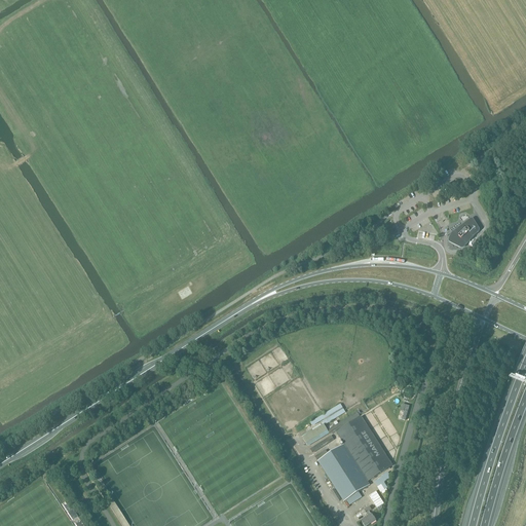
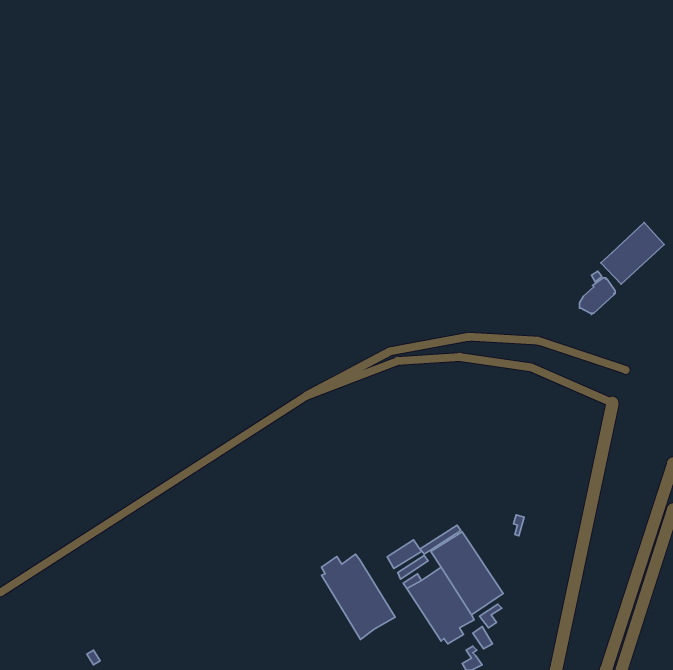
building: none -> [601,222,664,284]
building: none -> [321,554,395,639]

